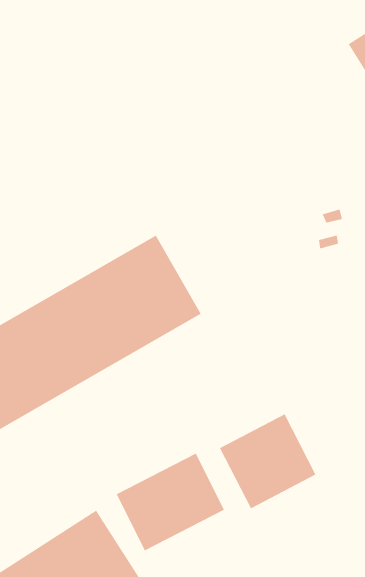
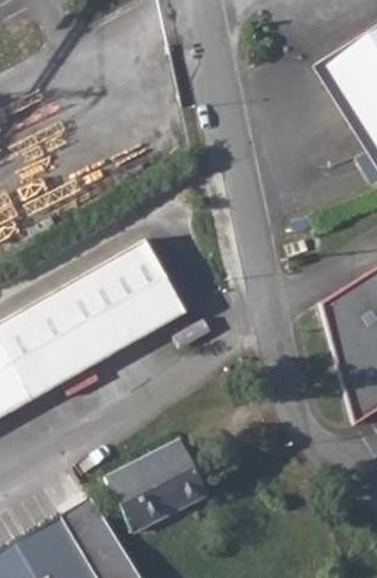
building: [219,413,316,509] -> none

